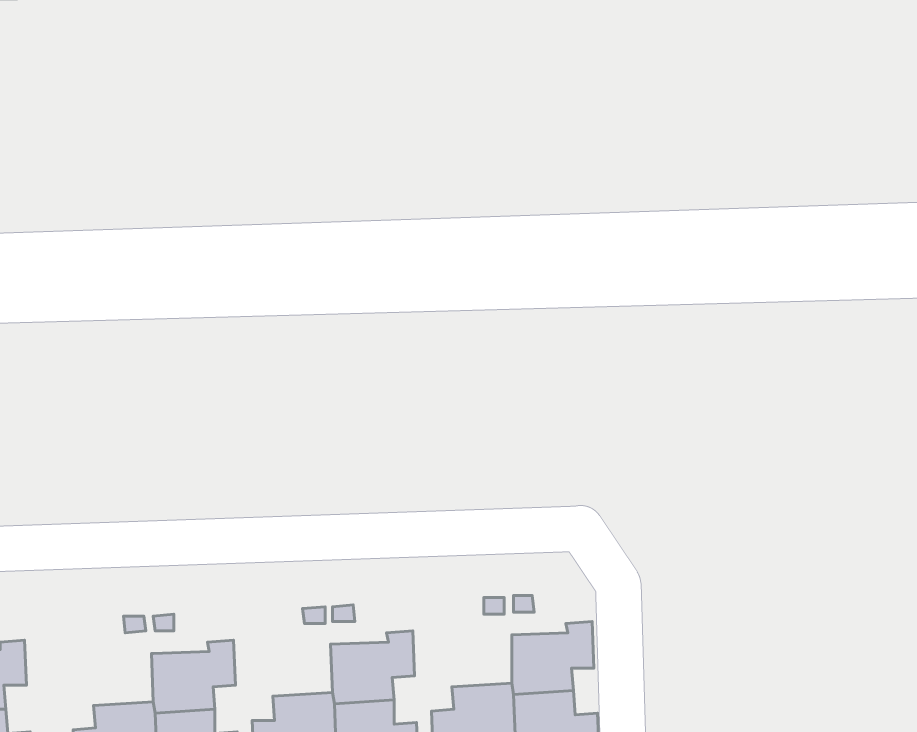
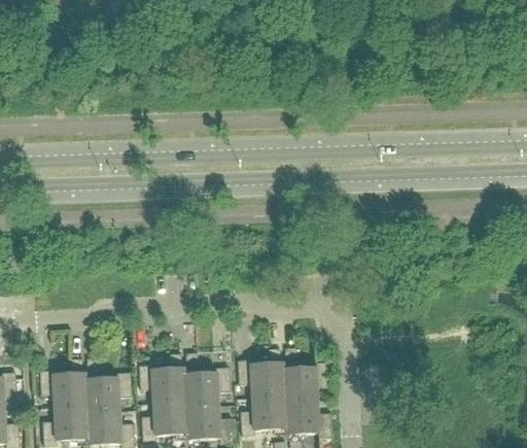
building: none -> [238,358,284,394]
building: none -> [138,363,185,401]
building: none -> [39,368,86,406]

